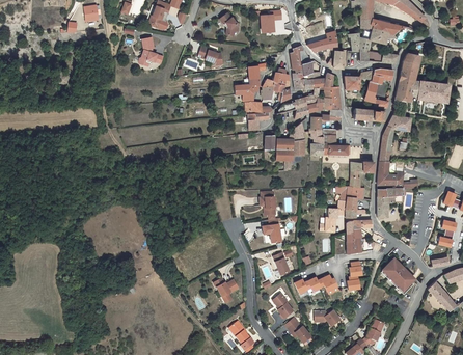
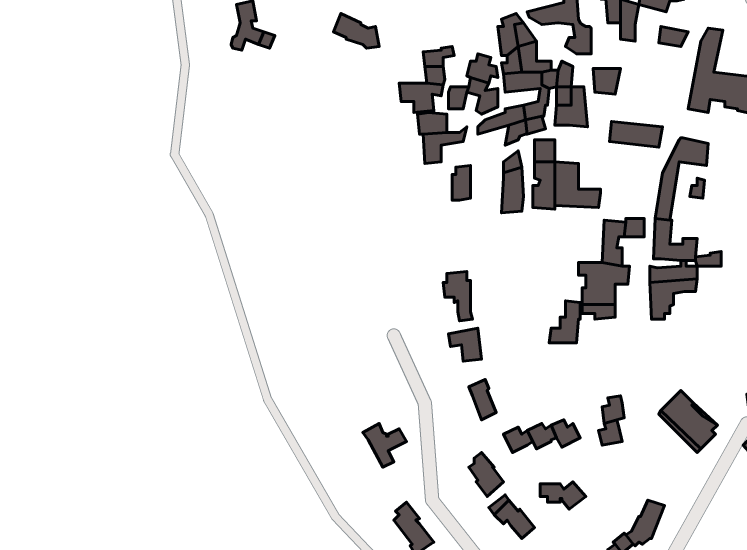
building: [365,67,393,102] -> none
building: [277,138,294,171] -> none
building: [347,220,373,253] -> none

